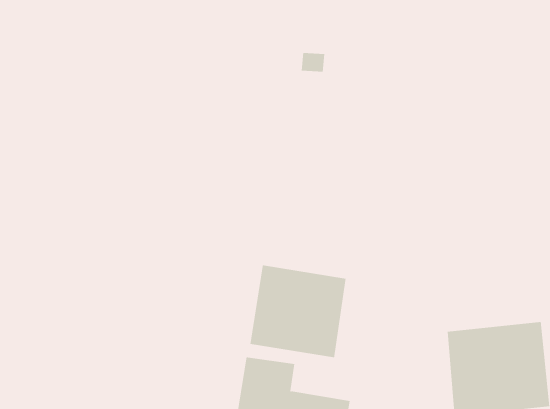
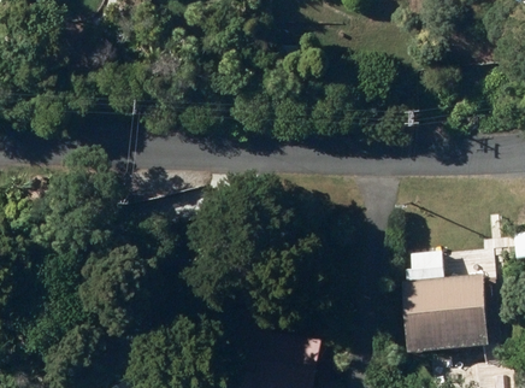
building: [250,264,346,358] -> none

